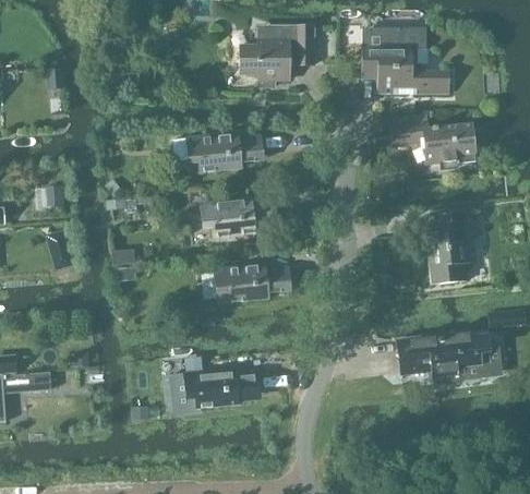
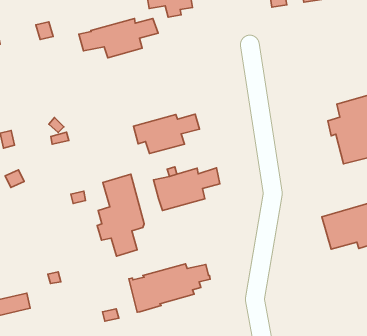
building: [392,122,474,168] -> none
building: [172,132,262,171] -> [79,19,158,58]
building: none -> [97,174,144,256]

